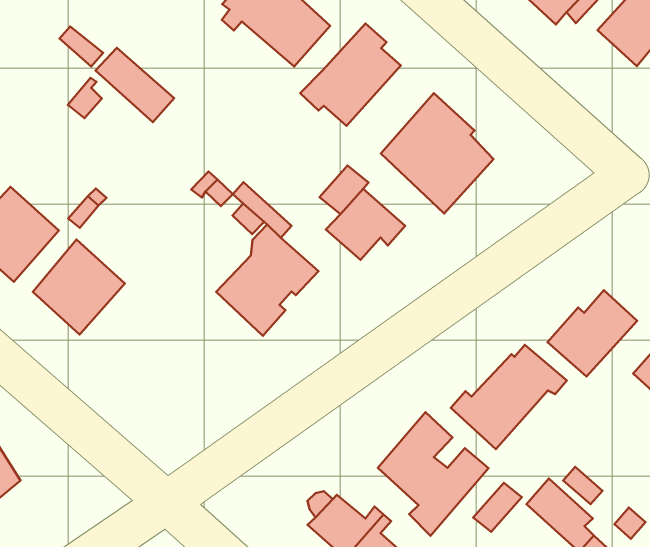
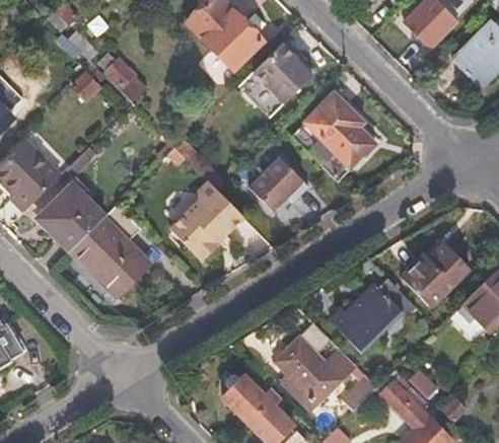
building: none -> [71,205,150,297]

